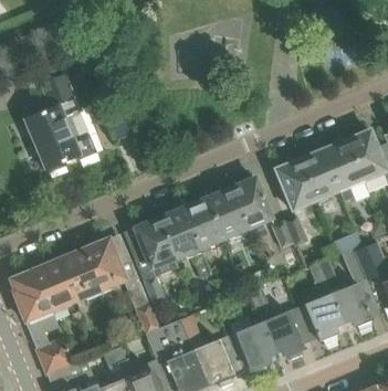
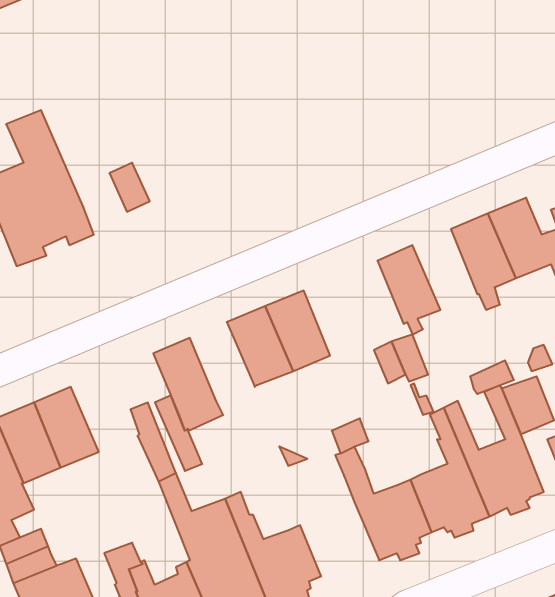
building: [297,149,338,200] -> none
building: [229,177,271,240] -> none
building: [157,208,210,277] -> none
building: [82,237,125,289] -> none
building: [227,316,276,372] -> none

